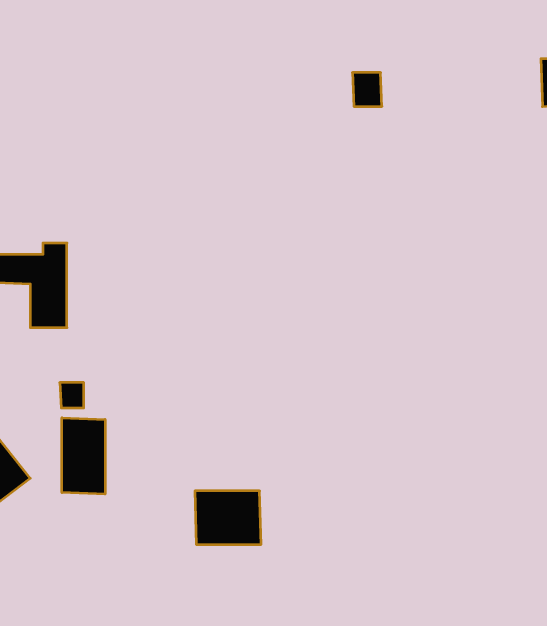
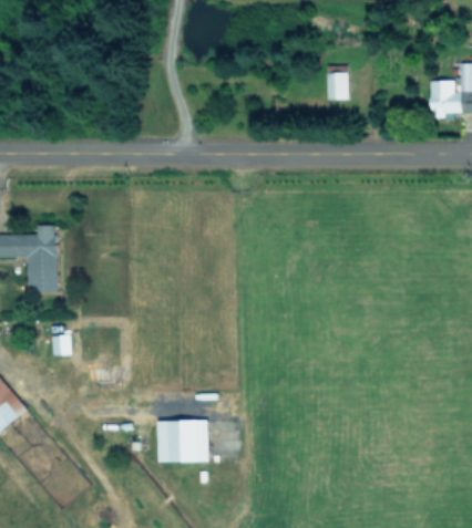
building: [352,73,382,106] -> [325,73,348,100]
building: [62,418,105,494] -> none

